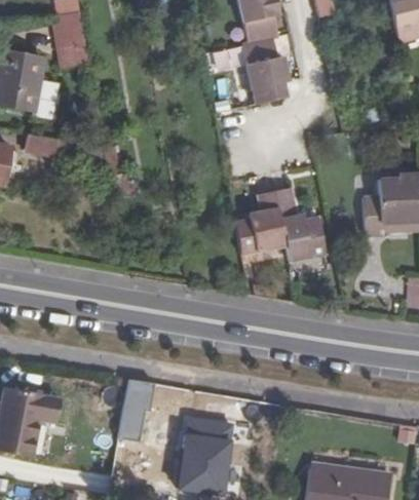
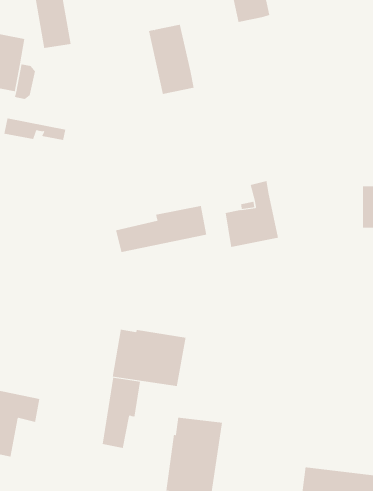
building: [241,37,285,104] -> [148,24,194,94]
building: [277,199,326,262] -> none
building: none -> [115,205,207,253]
building: none -> [112,329,186,387]

